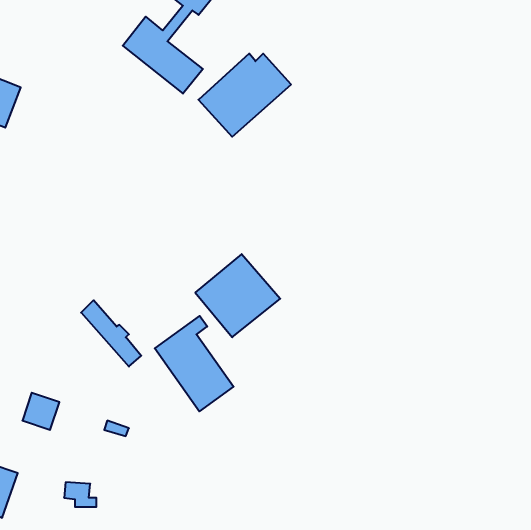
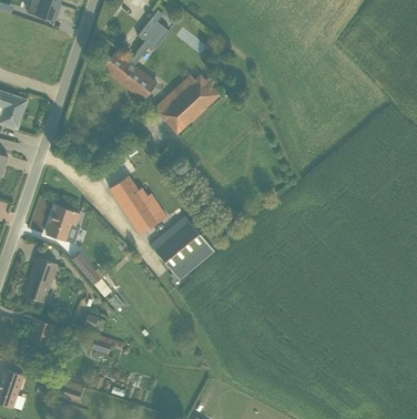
building: none -> [44,204,79,238]
building: none -> [23,259,57,304]
building: [155,316,234,411] -> [108,165,164,234]

